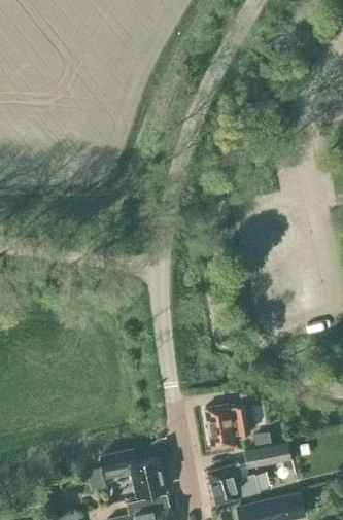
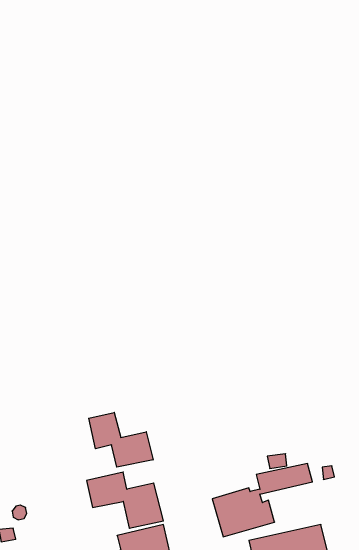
building: none -> [89,412,153,467]
building: [205,405,249,450] -> none

